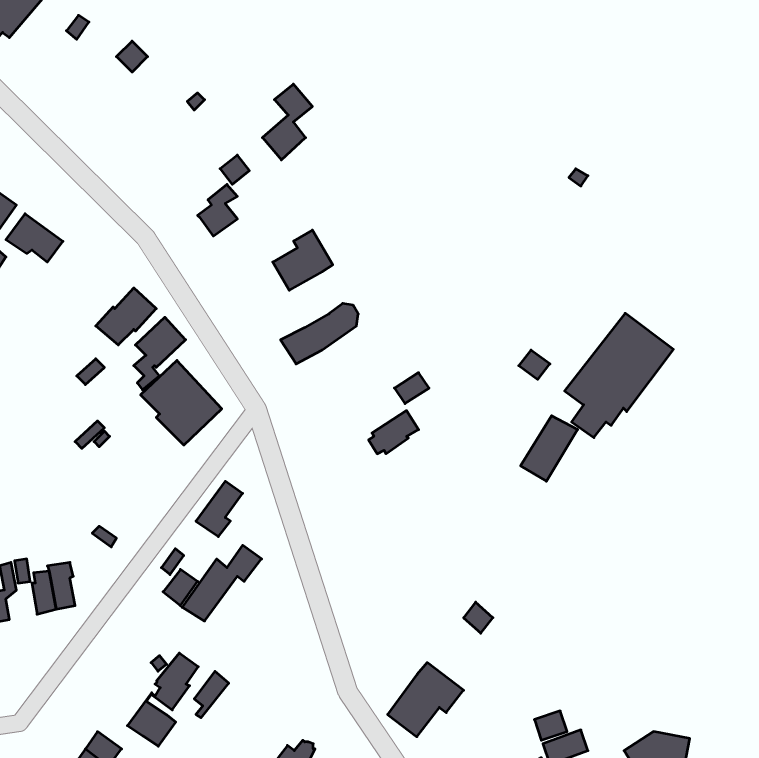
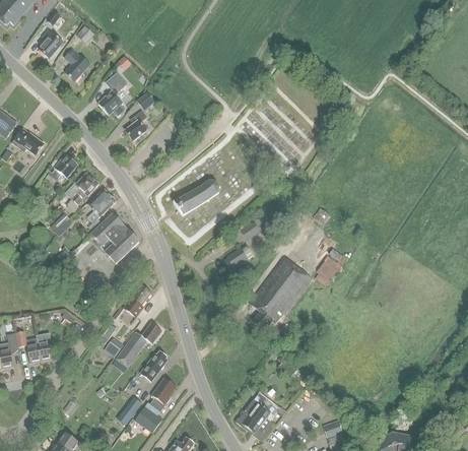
building: none -> [39,27,63,57]
building: none -> [64,47,90,80]
building: [262,84,312,160] -> [97,70,127,115]
building: [273,230,333,290] -> none
building: none -> [45,155,77,184]
building: [565,313,673,438] -> [248,257,312,330]
building: none -> [140,350,168,381]
building: [127,653,198,746] -> [134,378,176,433]

